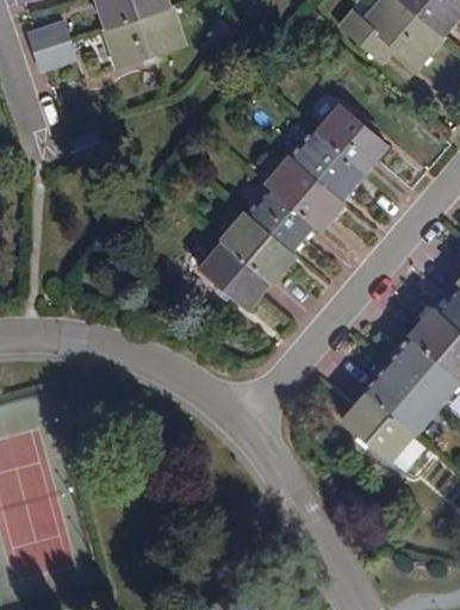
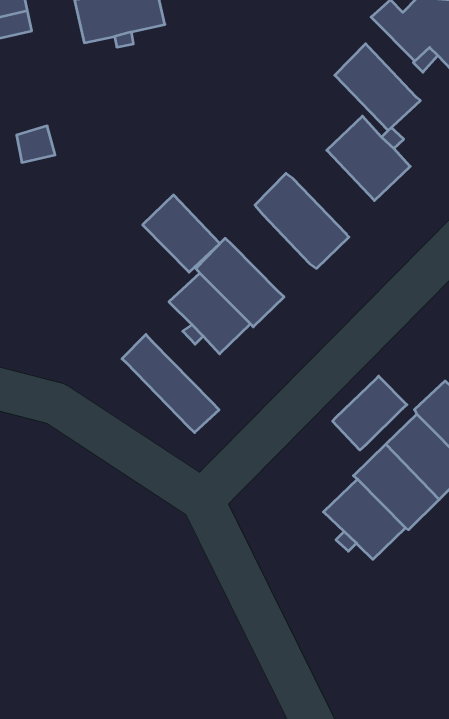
building: [294,129,365,197] -> [335,44,420,130]
building: [250,187,313,248] -> [143,195,220,272]
building: none -> [122,334,219,433]
building: none -> [333,376,407,450]

